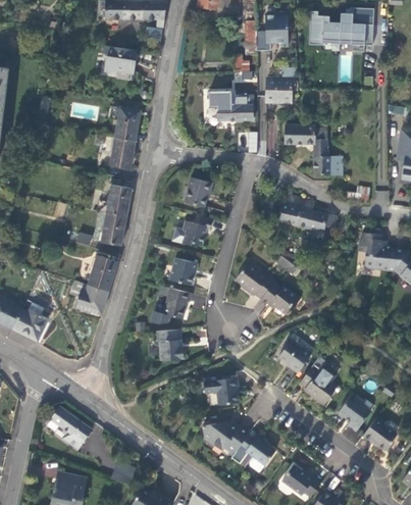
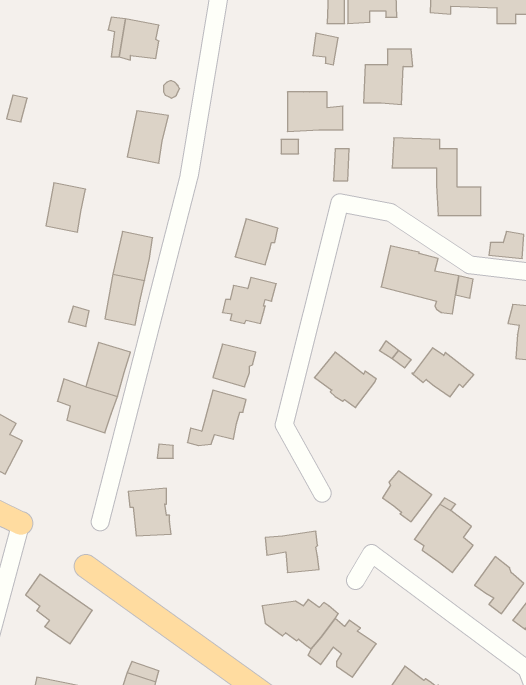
building: [109,137,135,168] -> [46,183,86,232]
building: [260,282,300,313] -> [412,348,474,397]
building: [156,329,184,359] -> [128,488,171,536]

